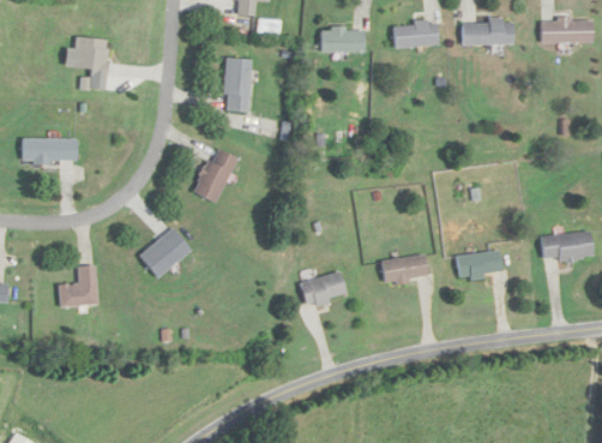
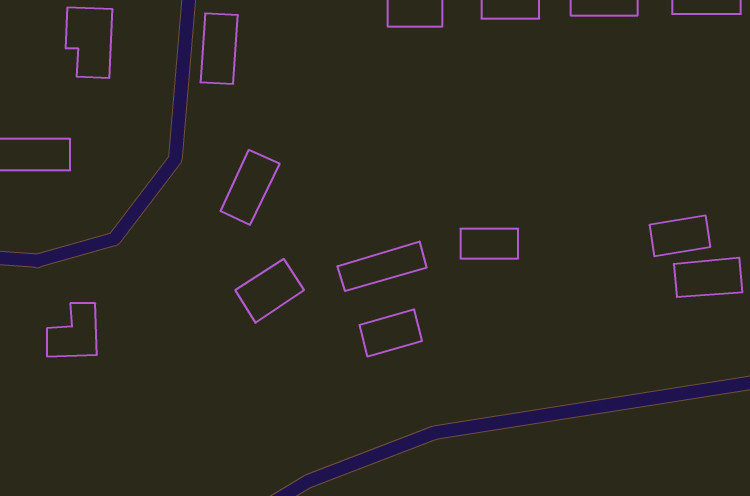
building: [223,59,252,113] -> [200,13,238,84]
building: none -> [337,241,427,291]
building: [139,229,192,279] -> [235,259,304,323]
building: [454,249,501,280] -> [649,216,710,256]
building: [381,257,426,280] -> [460,229,518,258]

